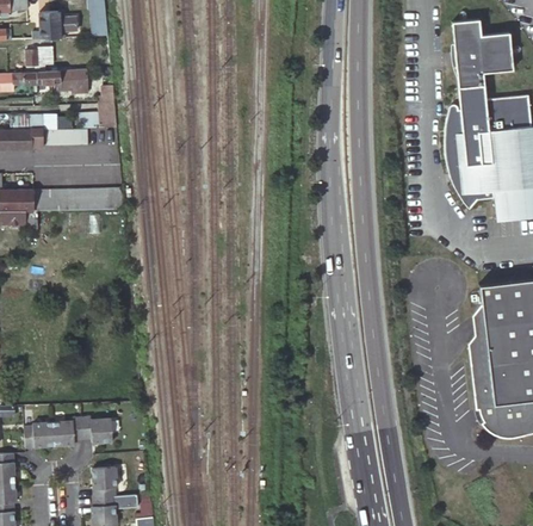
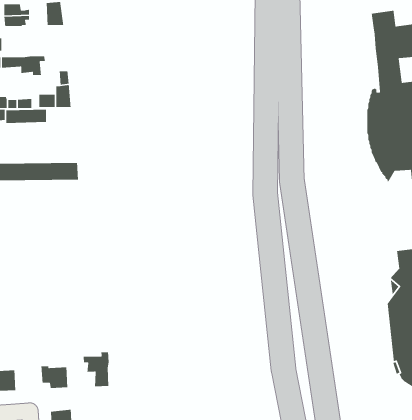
building: none -> [83,352,109,387]
building: [52,416,82,445] -> none

